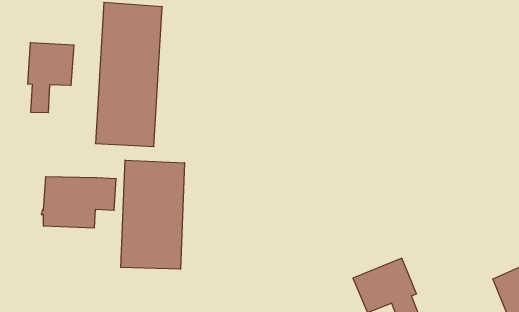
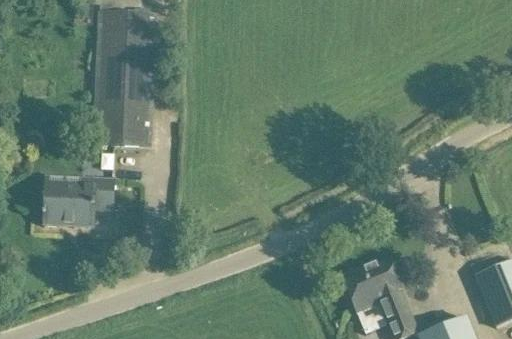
building: [28,42,74,113] -> none
building: [121,160,185,269] -> none

